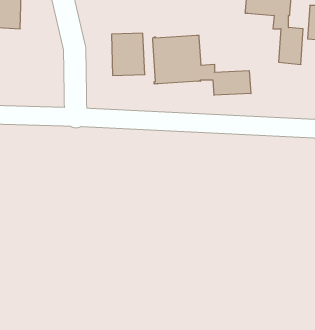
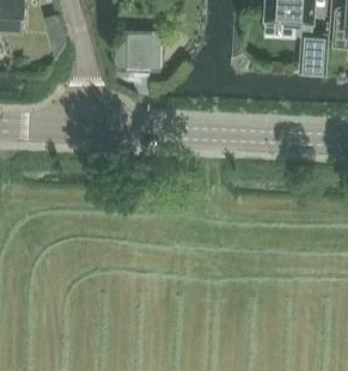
building: [153,35,251,95] -> none

